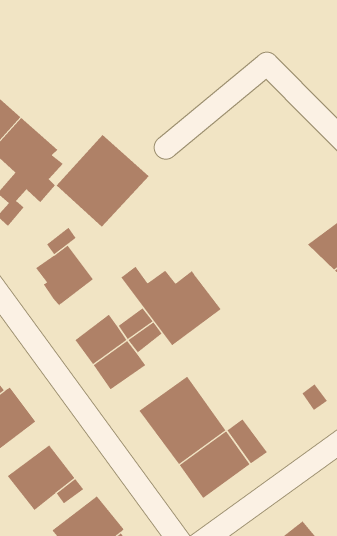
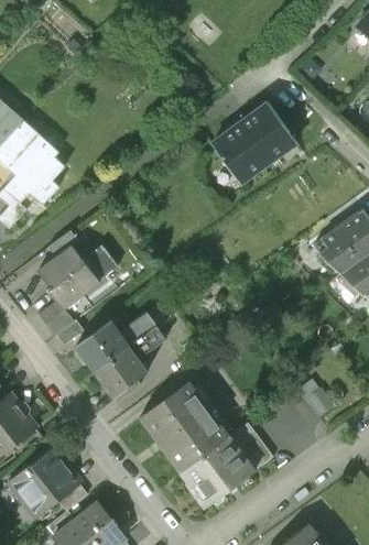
building: none -> [210,106,295,186]
building: [56,134,150,228] -> none
building: none -> [80,244,118,283]
building: [121,266,221,346] -> none
building: none -> [39,303,83,345]

